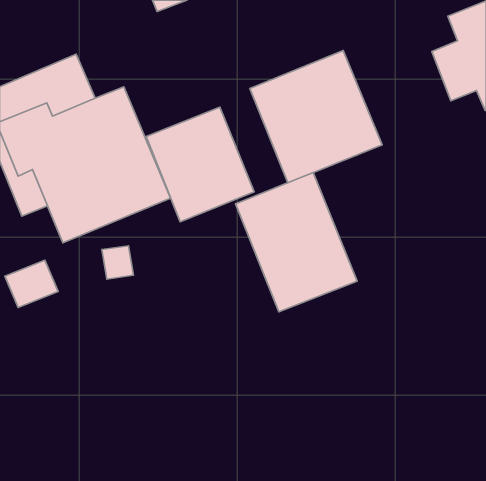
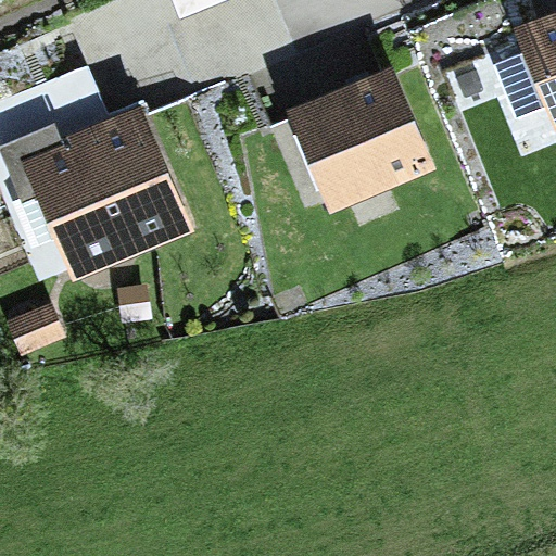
building: [146,107,254,222] -> none
building: [236,173,357,312] -> none

